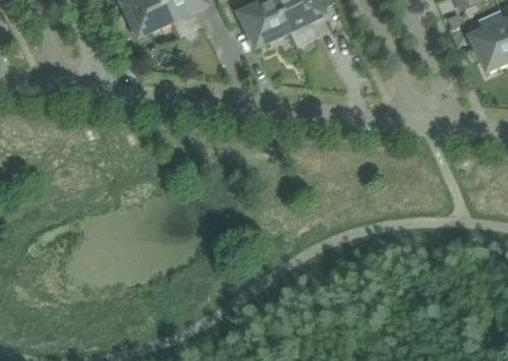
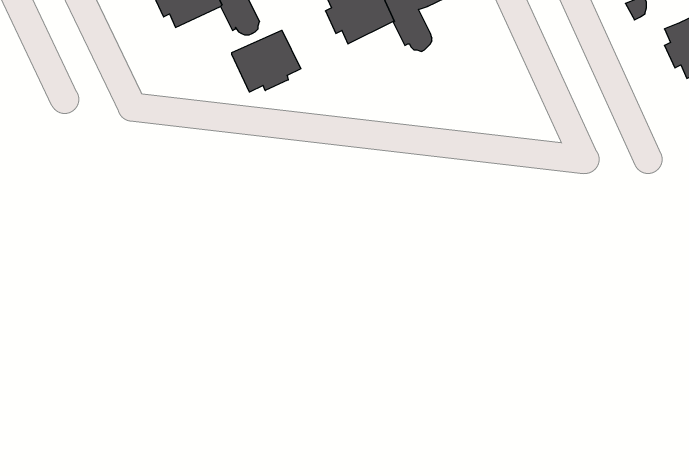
building: none -> [232,30,301,92]

